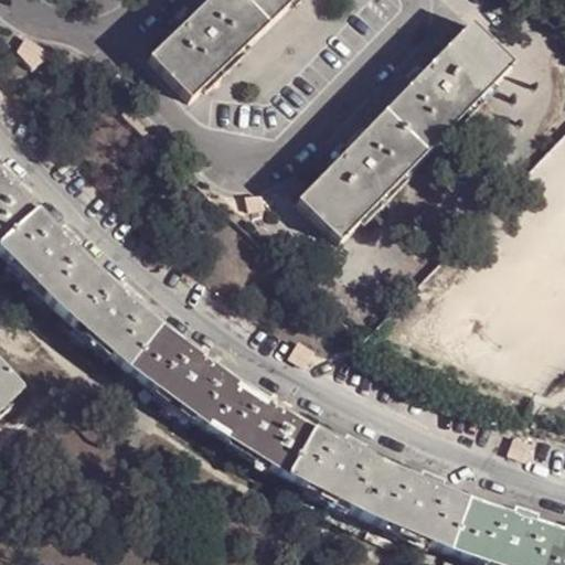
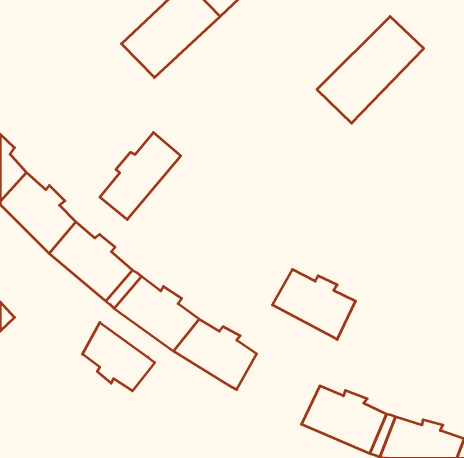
building: [300,108,428,237] -> none
building: none -> [100,132,181,220]
building: none -> [82,322,155,391]
building: [289,428,390,513] -> [272,269,356,340]

